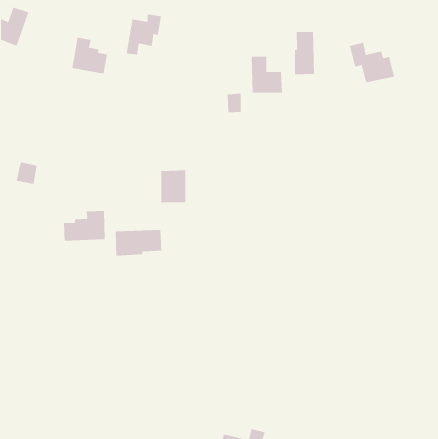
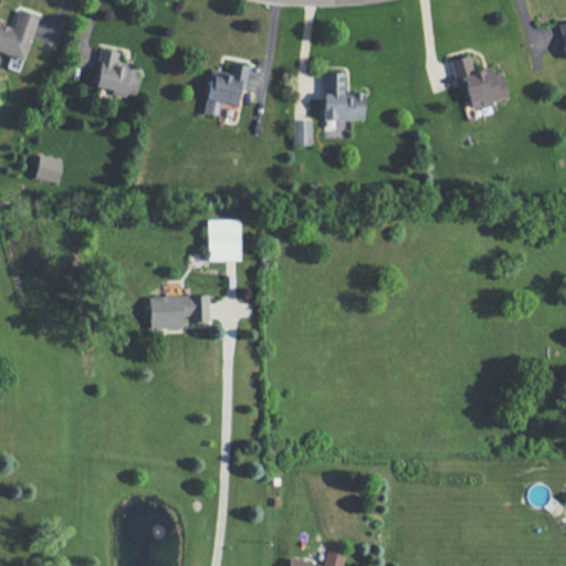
building: [126,14,162,55] -> [205,64,251,117]
building: [295,31,315,75] -> none
building: [16,162,38,184] -> [35,156,63,185]
building: [63,210,105,241] -> none

